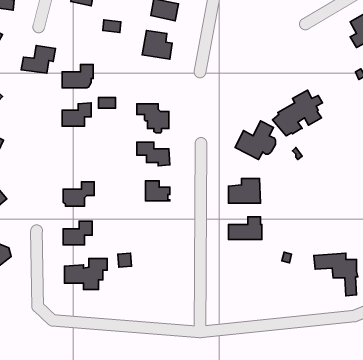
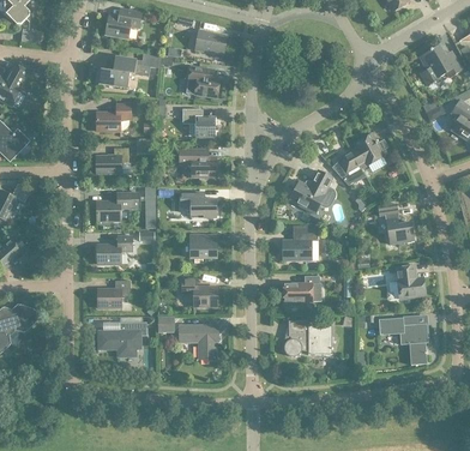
building: [21,45,55,73] -> [97,55,135,86]
building: none -> [181,108,217,136]
building: none -> [95,192,137,220]
building: none -> [376,203,414,243]
building: none -> [394,264,424,297]
building: none -> [180,277,216,305]
building: none -> [283,319,333,356]
building: none -> [179,324,217,357]

